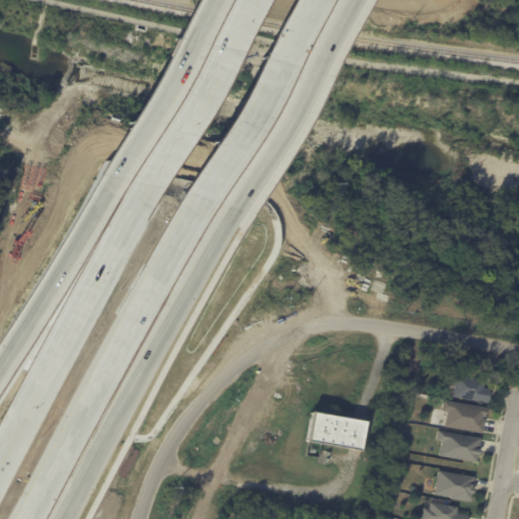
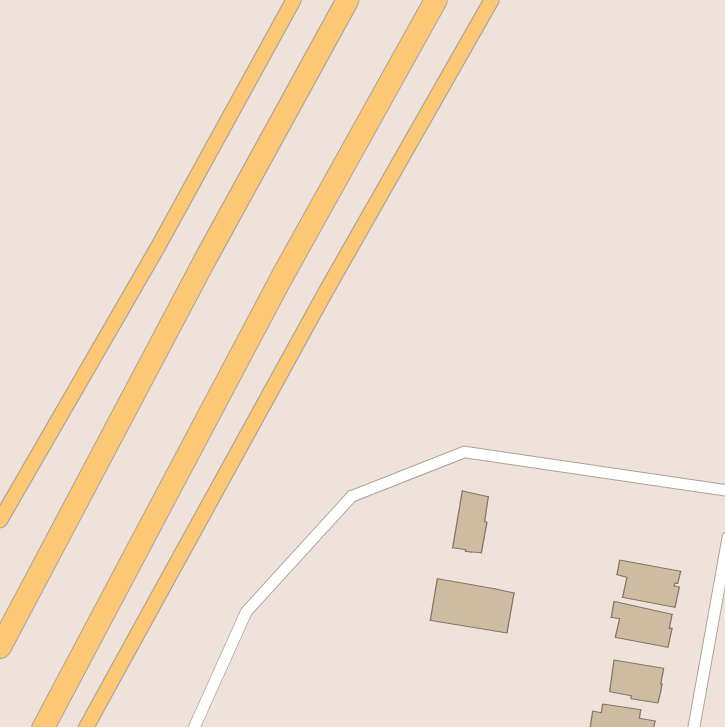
building: none -> [453,491,488,553]
building: [450,373,490,402] -> none

